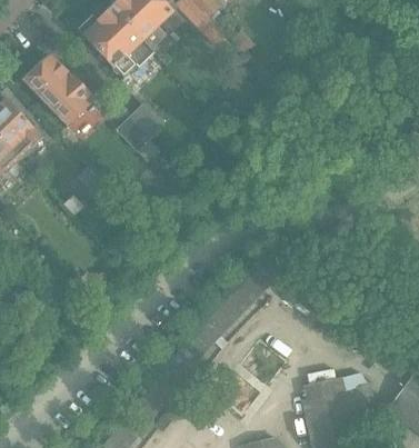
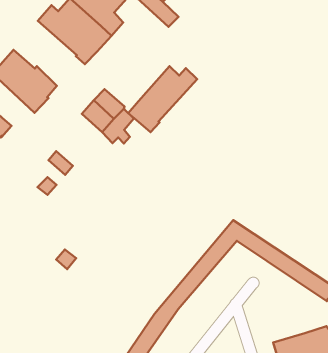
building: none -> [128,66,197,132]

